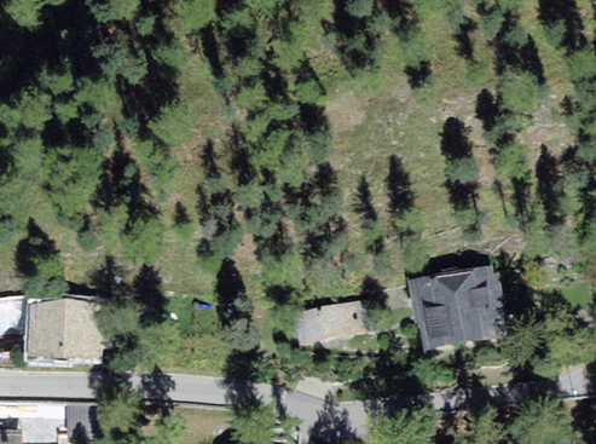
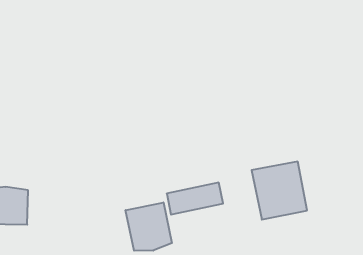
building: none -> [126,202,172,251]

